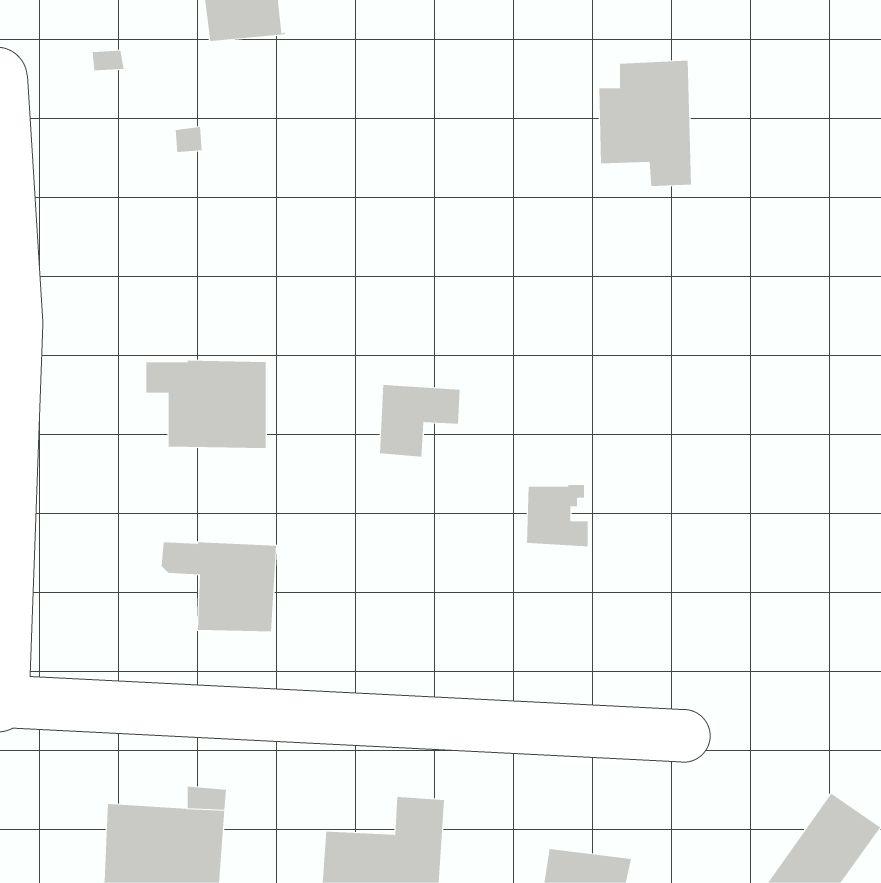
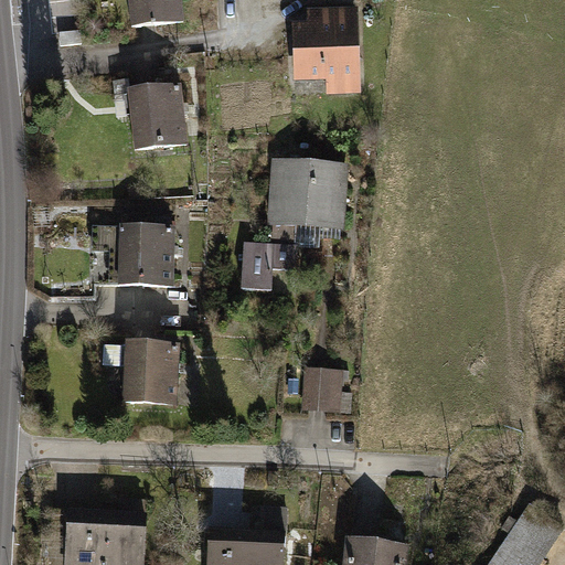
building: [599,60,692,186] -> [296,11,355,92]
building: none -> [132,88,185,150]
building: none -> [270,163,343,246]
building: [526,484,588,547] -> [309,371,349,411]

